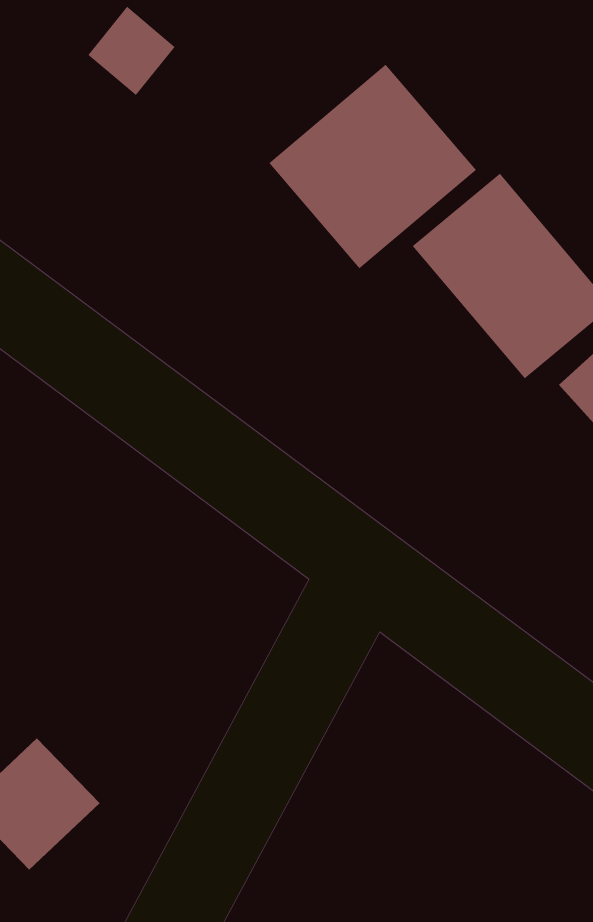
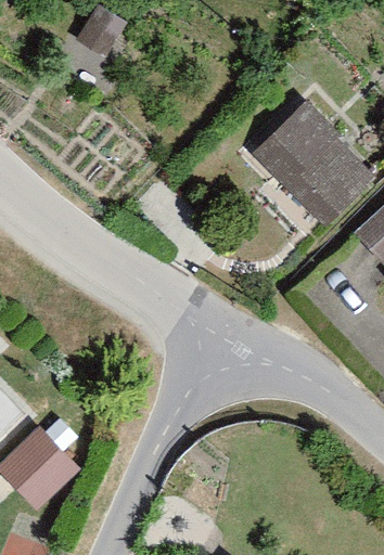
building: [268,64,477,269] -> none

